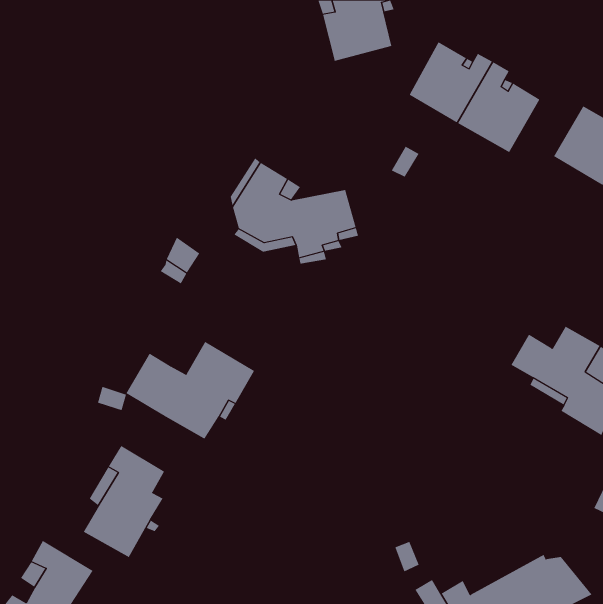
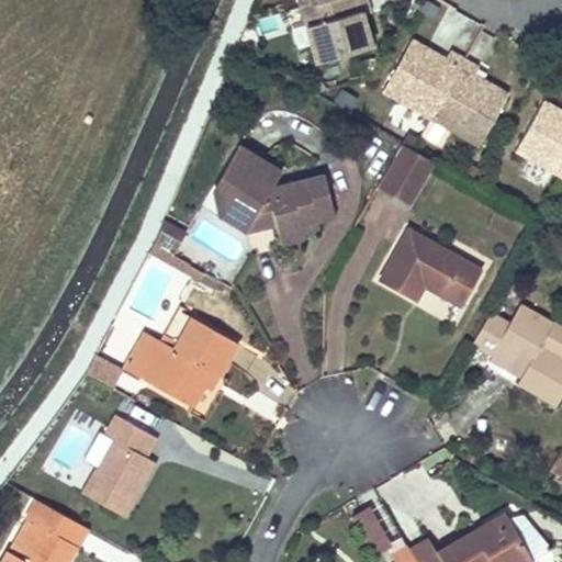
building: none -> [379,144,435,206]
building: none -> [382,228,483,306]

